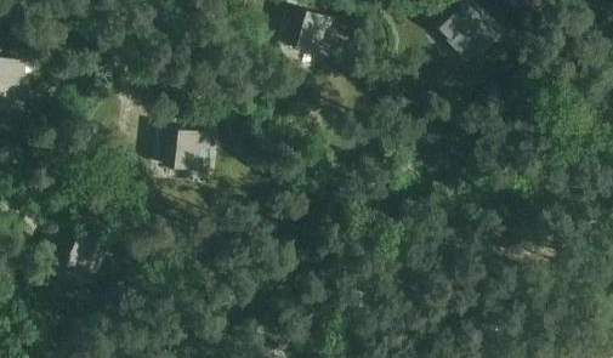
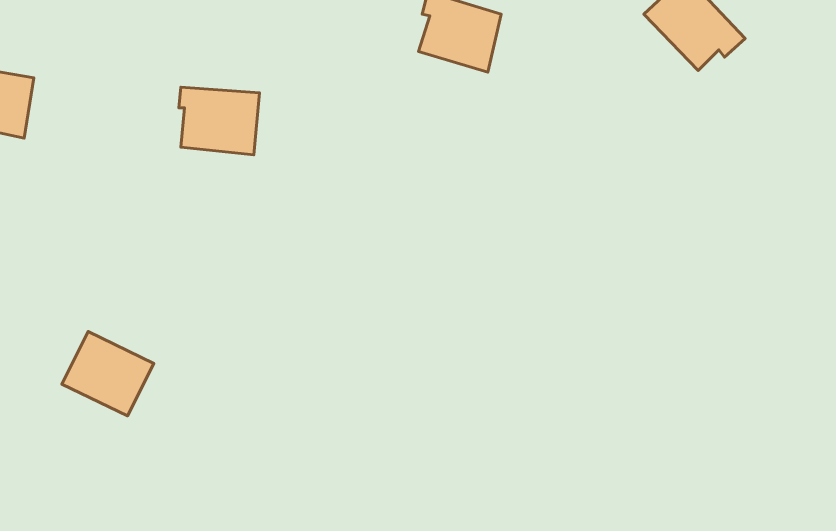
building: [164,130,216,174] -> [179,87,260,155]

